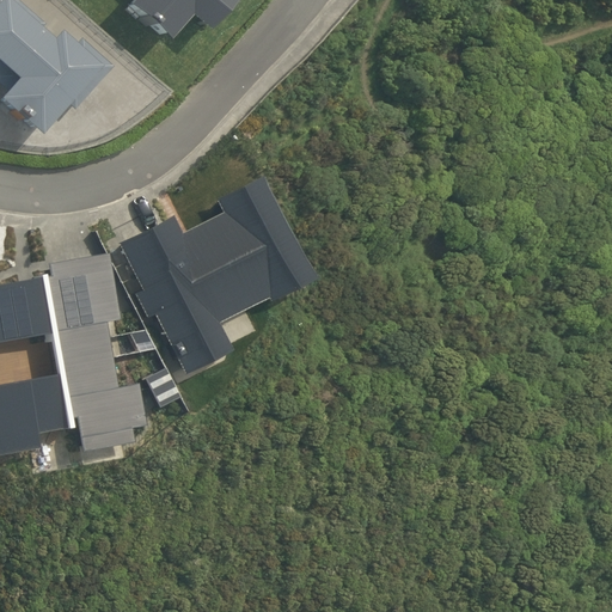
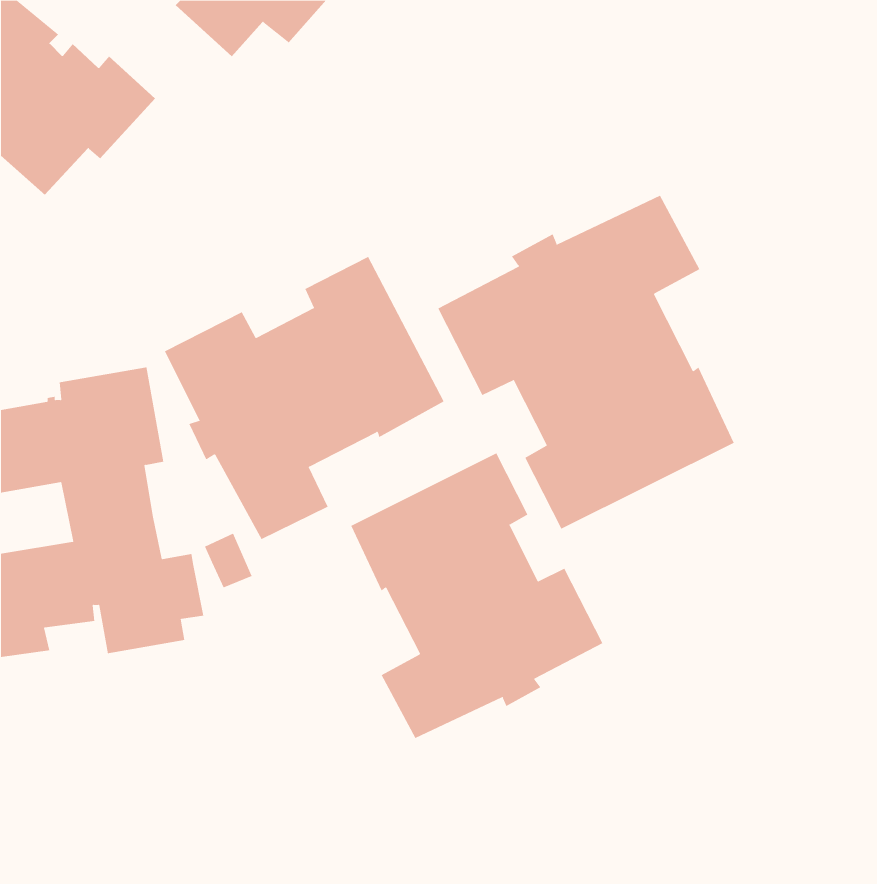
building: none -> [437,195,734,530]
building: none -> [351,453,603,739]

